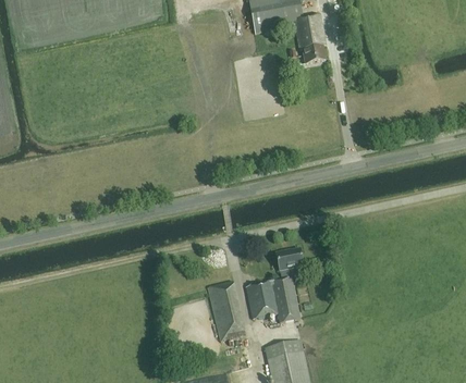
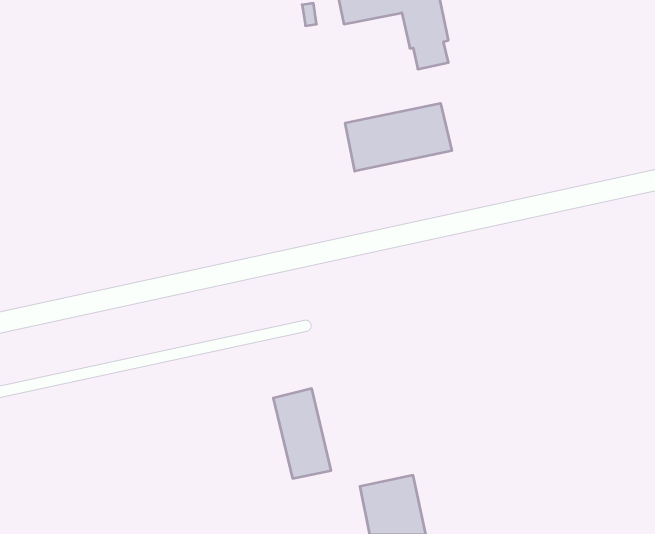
building: none -> [345,103,452,171]
building: [245,248,303,323] -> none

